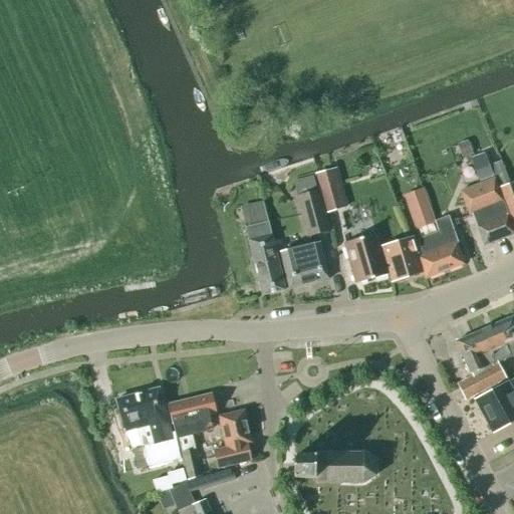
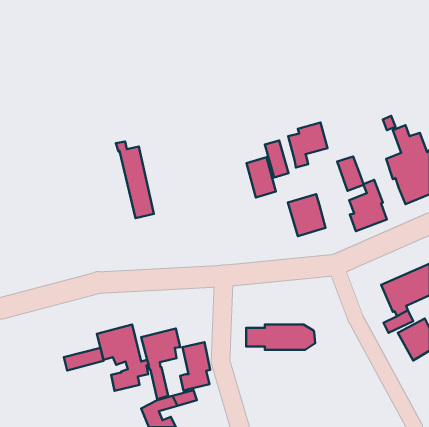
building: none -> [288,122,327,167]
building: [240,202,285,293] -> [116,142,154,218]
building: [382,236,421,279] -> none
building: [281,242,329,287] -> none
building: none -> [64,348,104,370]
building: [294,451,376,481] -> [246,325,315,350]

